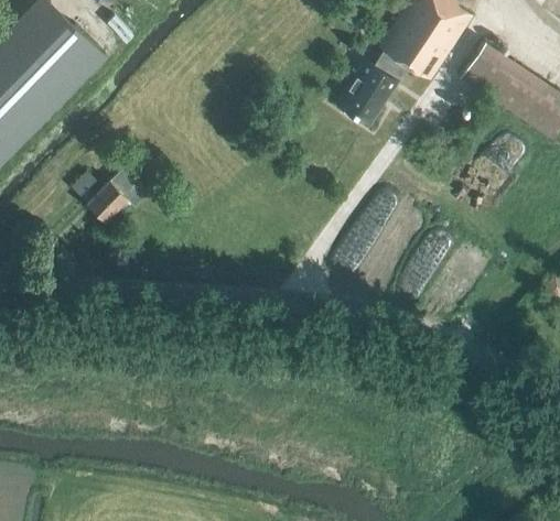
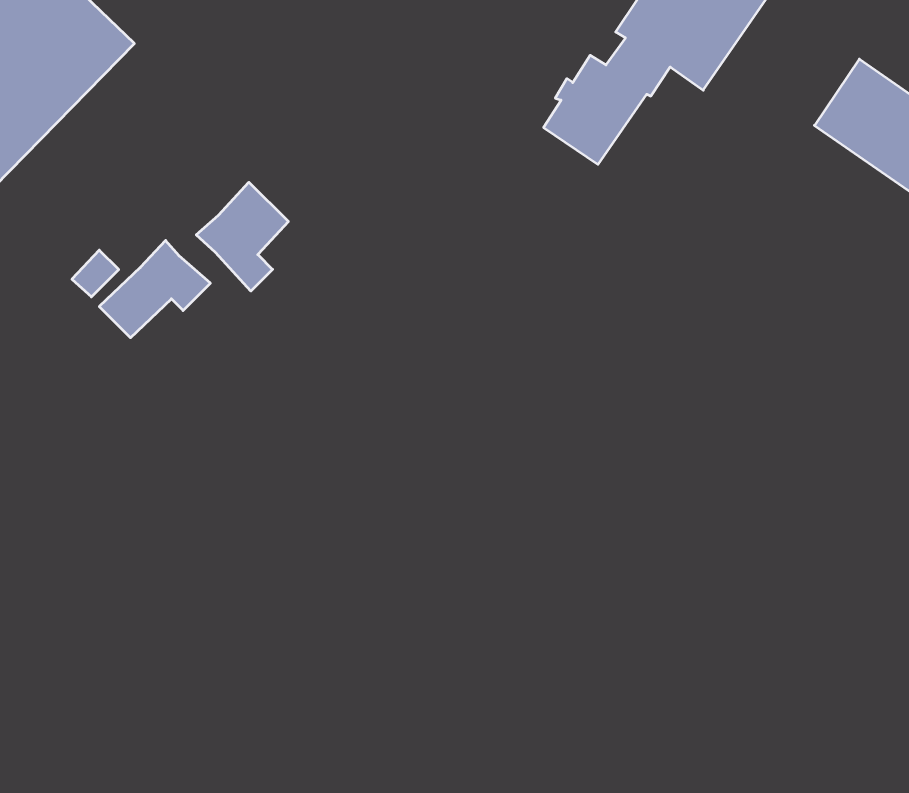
building: [460,43,516,101] -> none
building: none -> [196,182,288,291]

